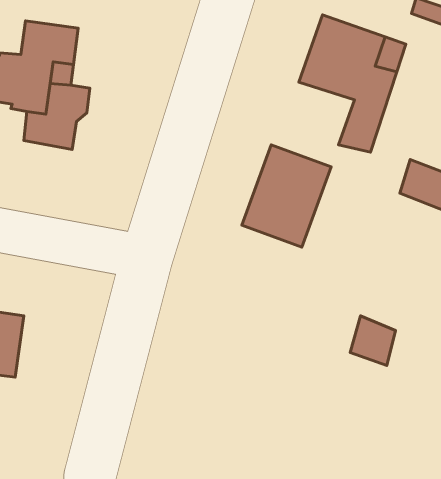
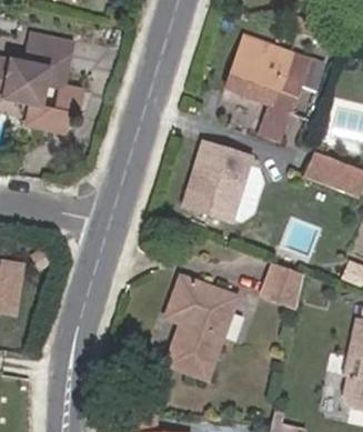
building: none -> [167,280,233,378]

